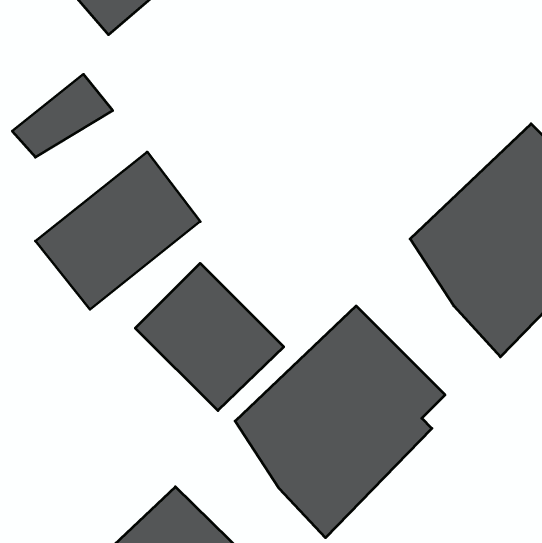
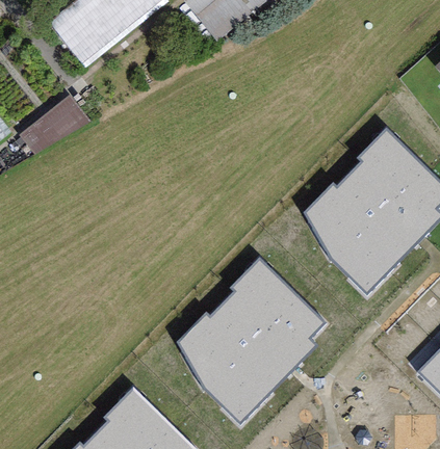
building: [35,152,200,309] -> none
building: [135,263,284,411] -> none

